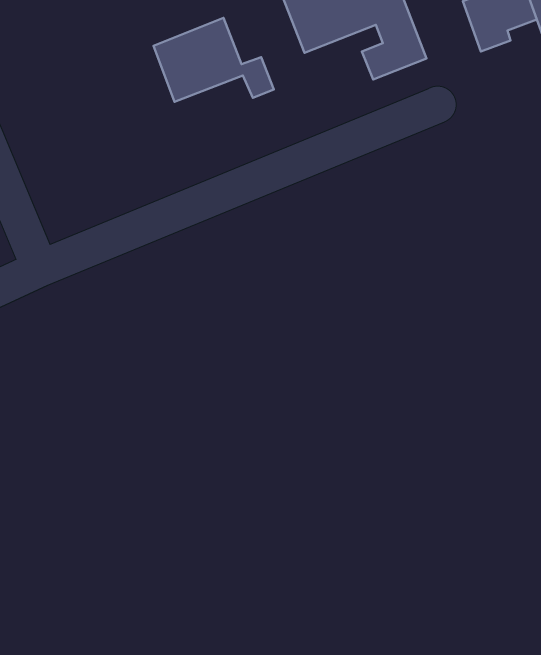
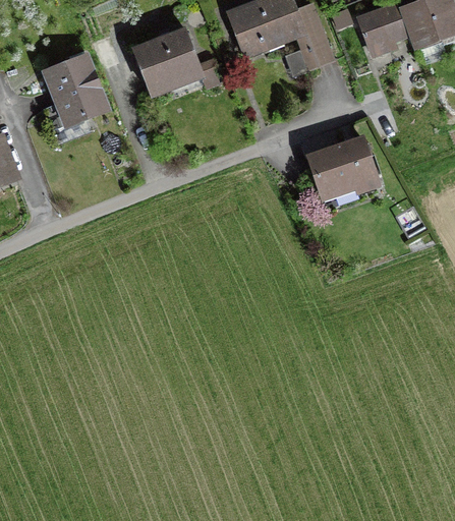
building: none -> [44,57,106,126]
building: none -> [308,139,377,195]

